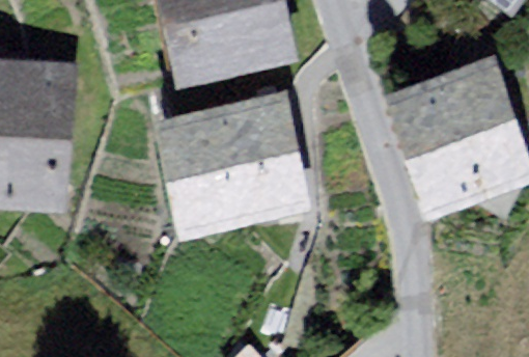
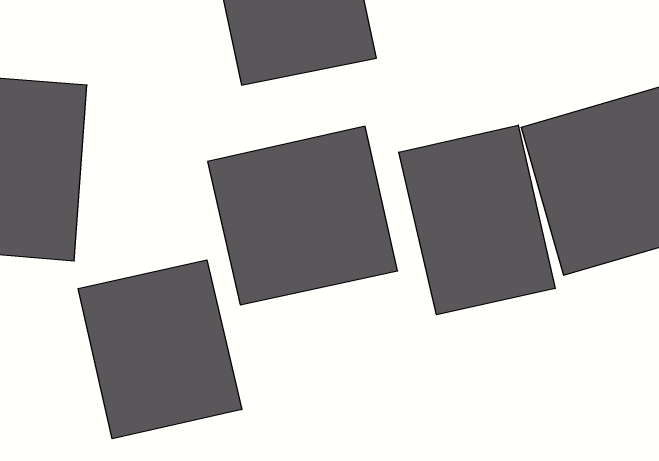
building: none -> [399,125,555,315]
building: none -> [78,260,242,439]

